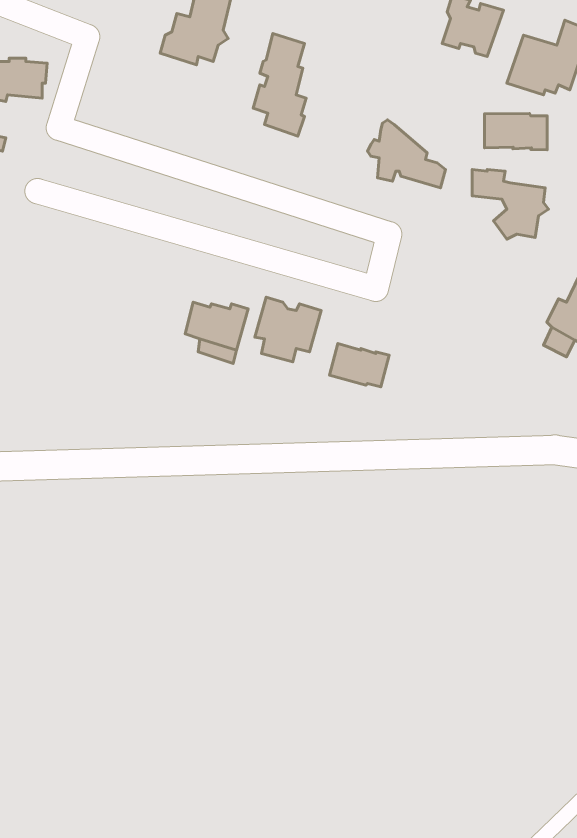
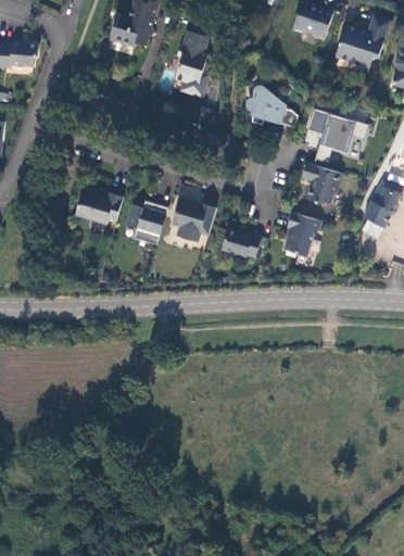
building: [485,114,547,150] -> none
building: none -> [302,164,341,205]
building: none -> [74,182,124,224]
building: none -> [285,213,320,257]

